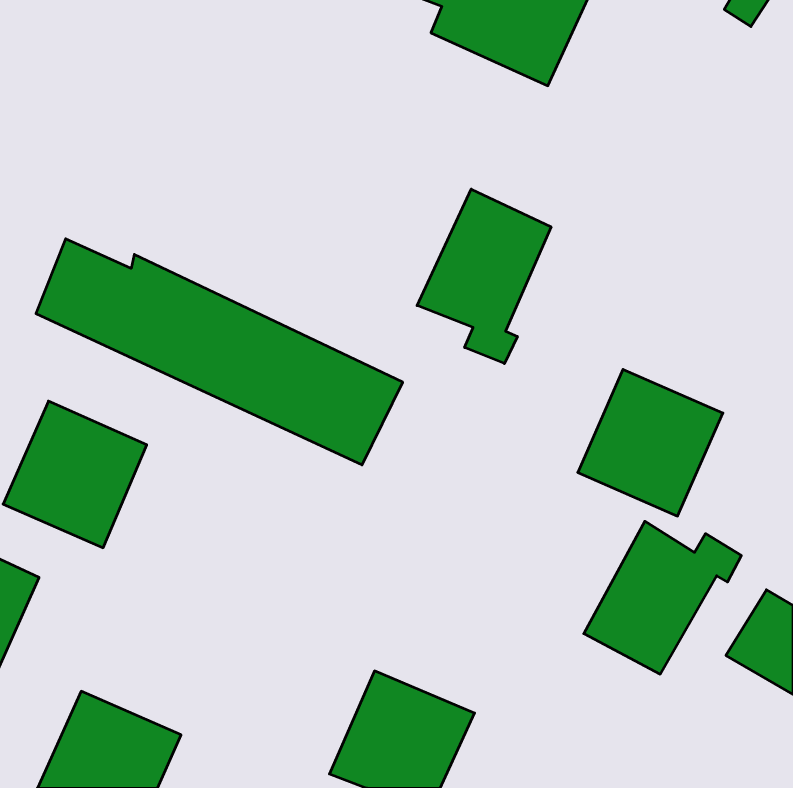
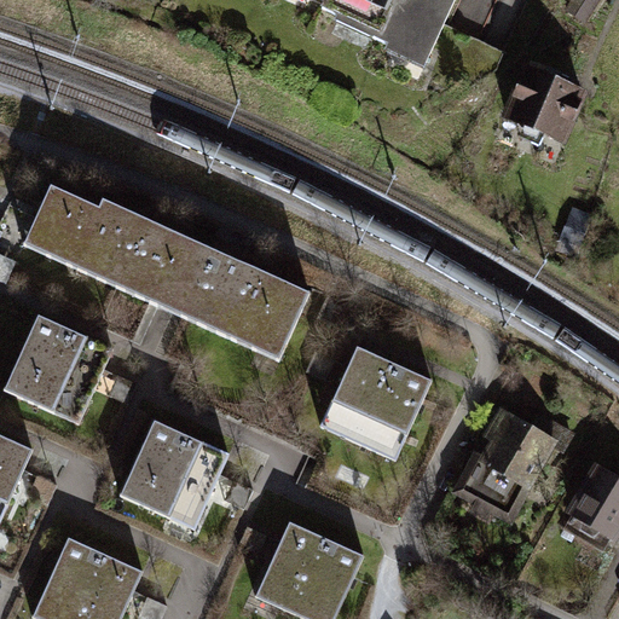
building: none -> [503,60,590,143]
building: [417,189,551,364] -> none
building: [578,369,723,516] -> [320,347,433,461]
building: none -> [114,421,226,534]

